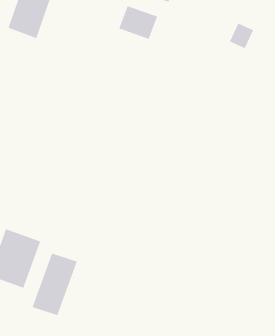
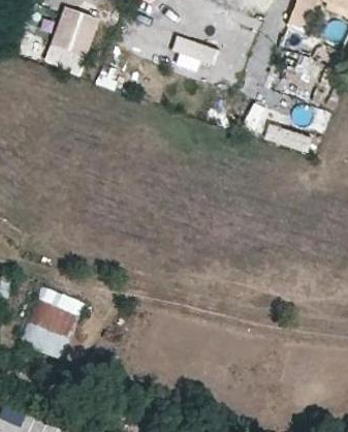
building: [32,253,78,316] -> none

